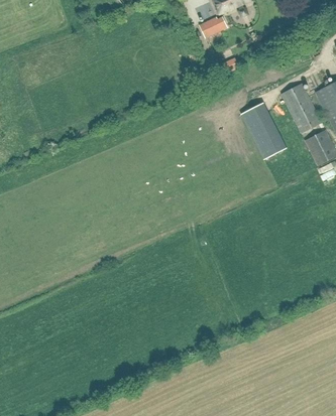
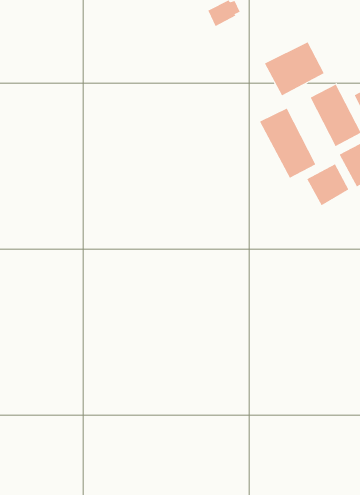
building: none -> [264,41,324,96]
building: none -> [307,164,349,206]

